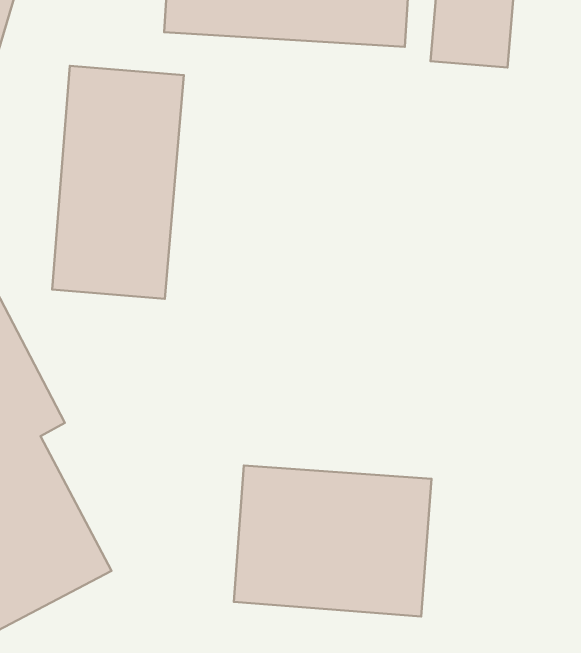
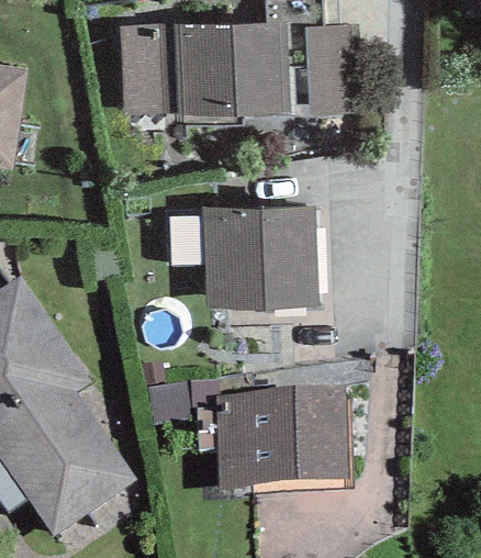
building: [52,66,184,299] -> none
building: none -> [203,198,318,303]

